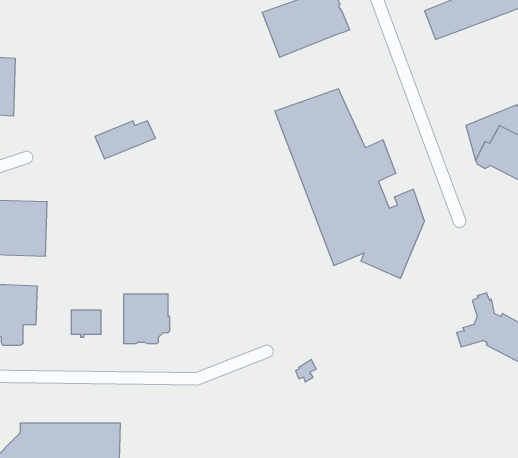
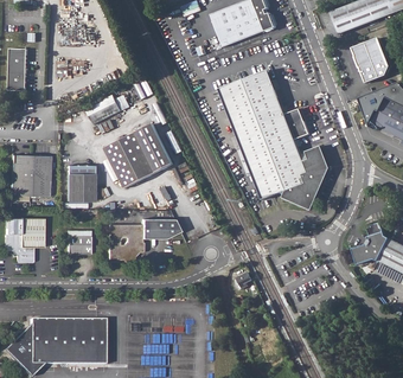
building: none -> [353,38,390,83]
building: none -> [104,123,173,187]
building: none -> [66,165,92,200]
building: none -> [140,218,178,238]

